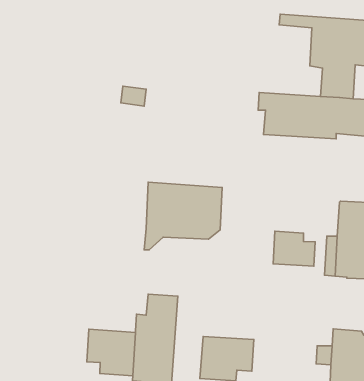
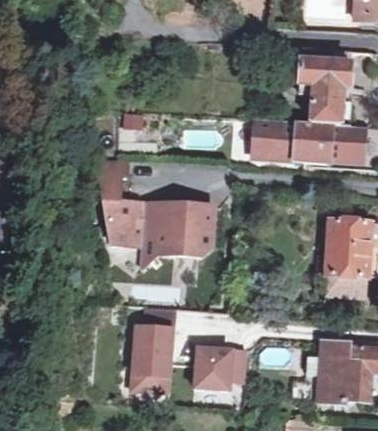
building: none -> [97,158,145,247]
building: [273,231,315,266] -> none
building: [87,329,135,376] -> none

